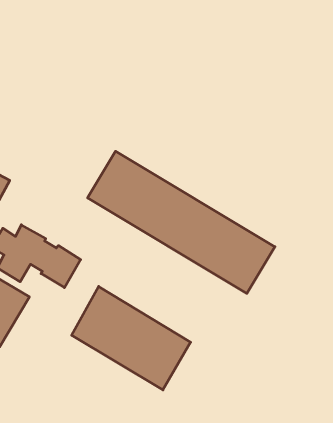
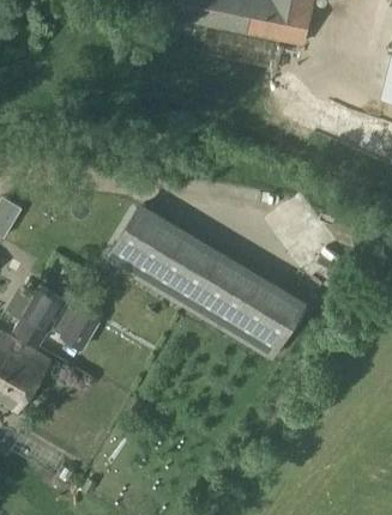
building: [72,286,191,390] -> none

